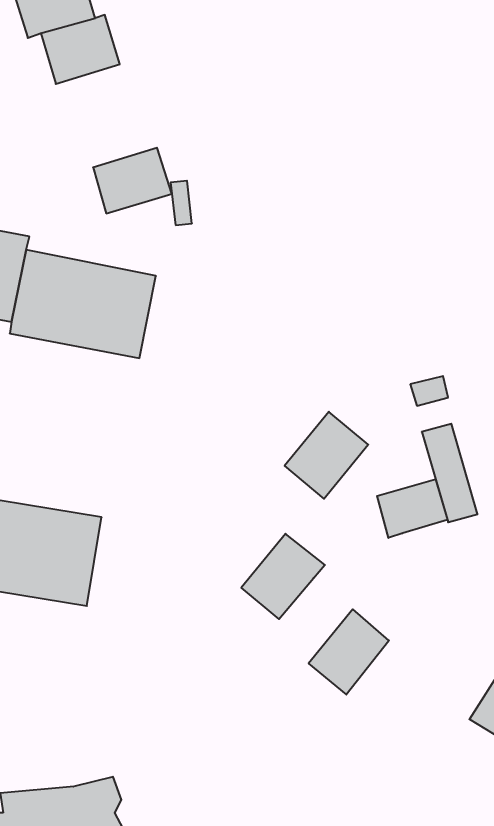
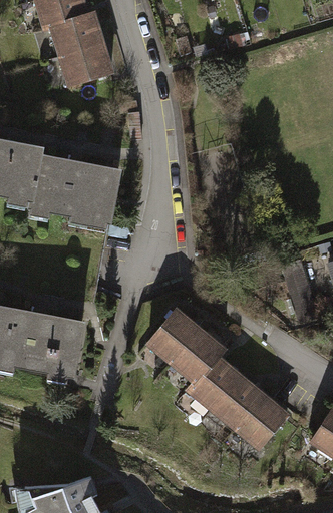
building: [93,148,172,213] -> [58,43,106,83]
building: [285,412,368,499] -> [147,310,199,363]
building: [377,479,447,538] -> none
building: none -> [189,357,240,409]
building: none -> [236,395,287,447]

